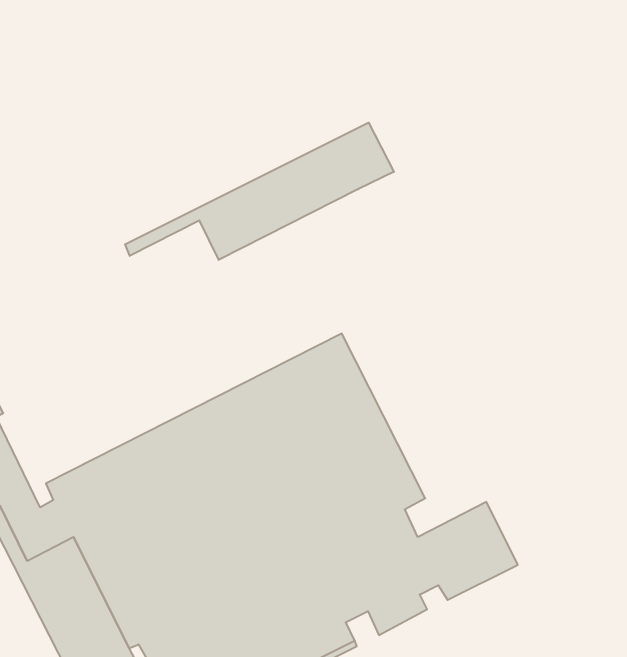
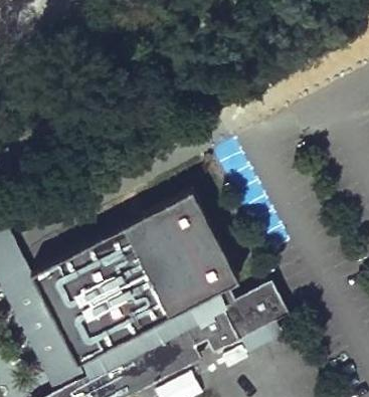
building: [125,123,394,260] -> none

